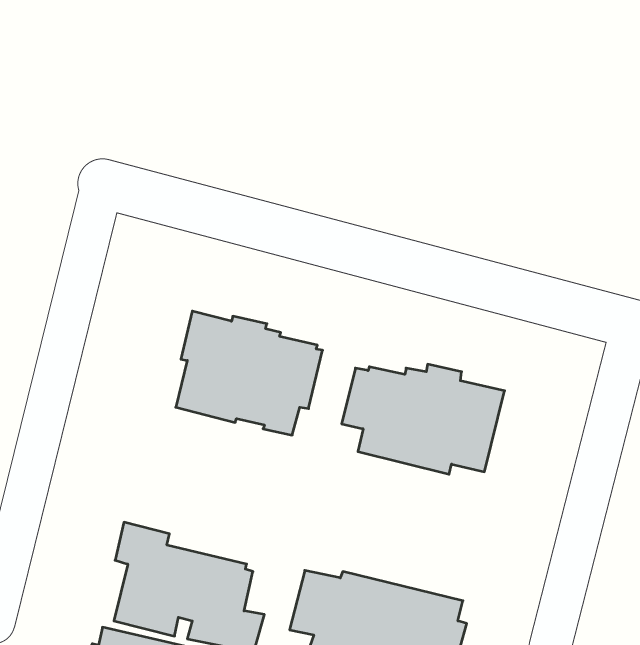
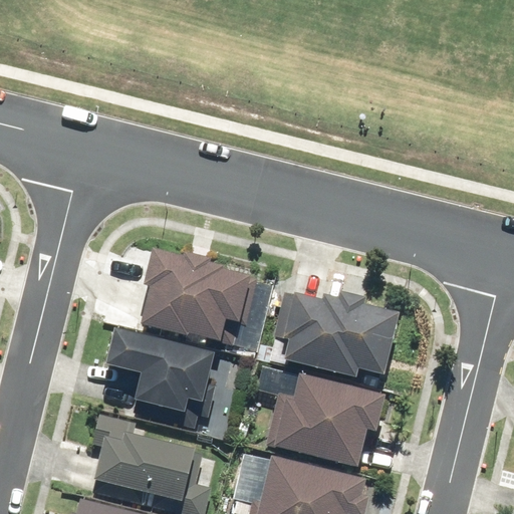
building: none -> [106,327,215,430]
building: none -> [263,372,387,471]

